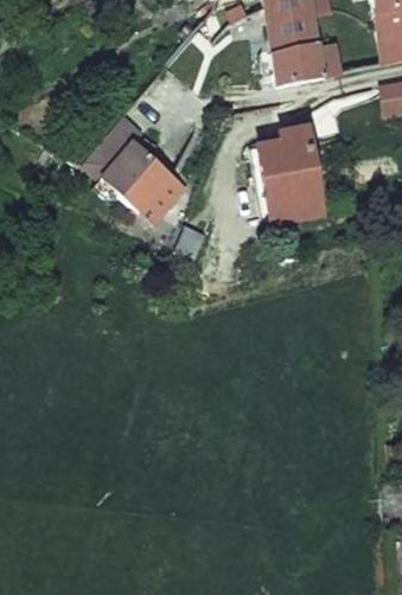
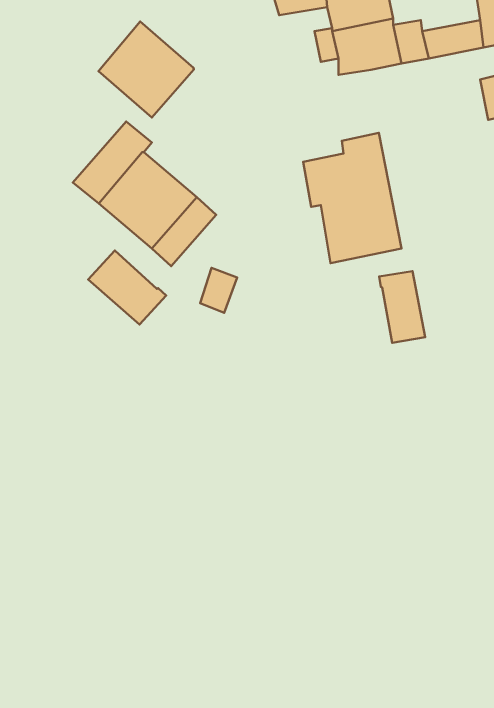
building: none -> [98,22,194,117]
building: none -> [88,251,166,324]
building: none -> [379,271,425,343]

